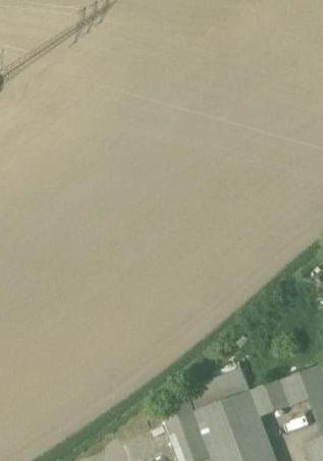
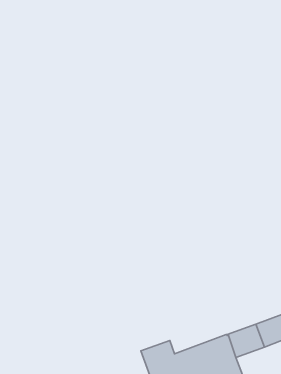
building: [187,372,252,416] -> none

